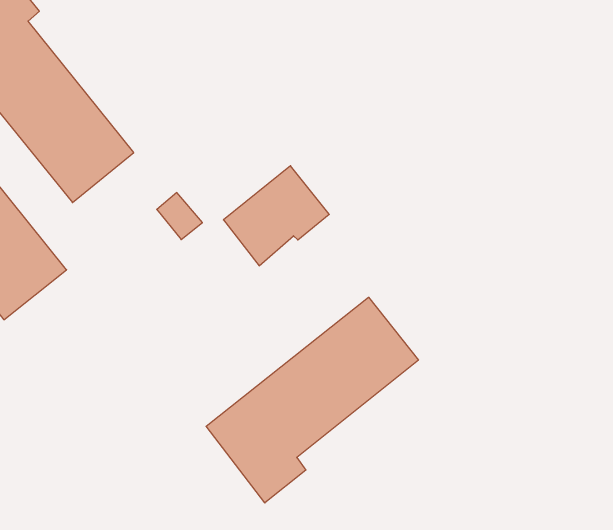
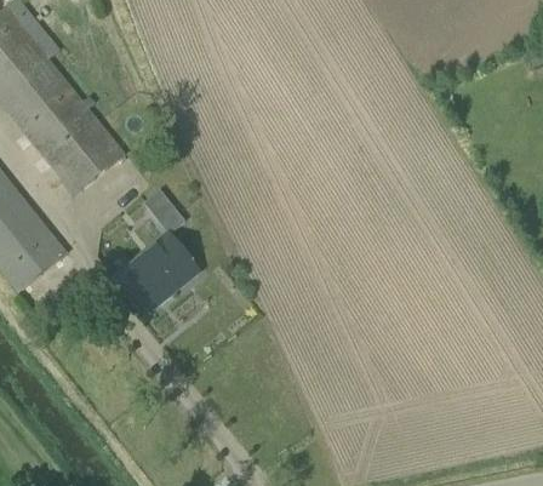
building: [223,166,329,266] -> [109,229,199,314]
building: [206,297,418,503] -> none

